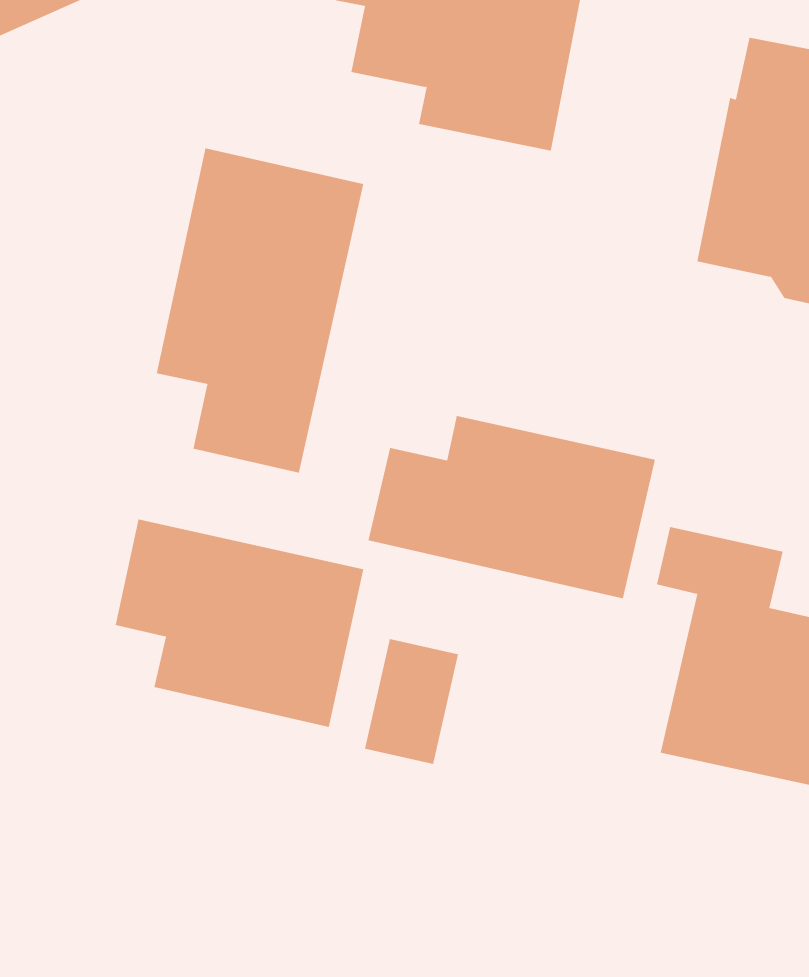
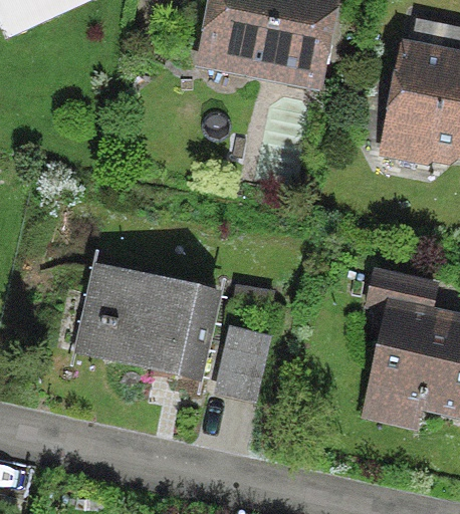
building: [156,148,364,473] -> none
building: [368,415,656,599] -> none

